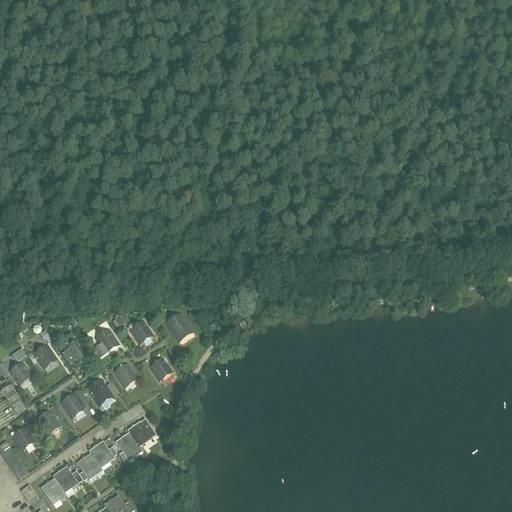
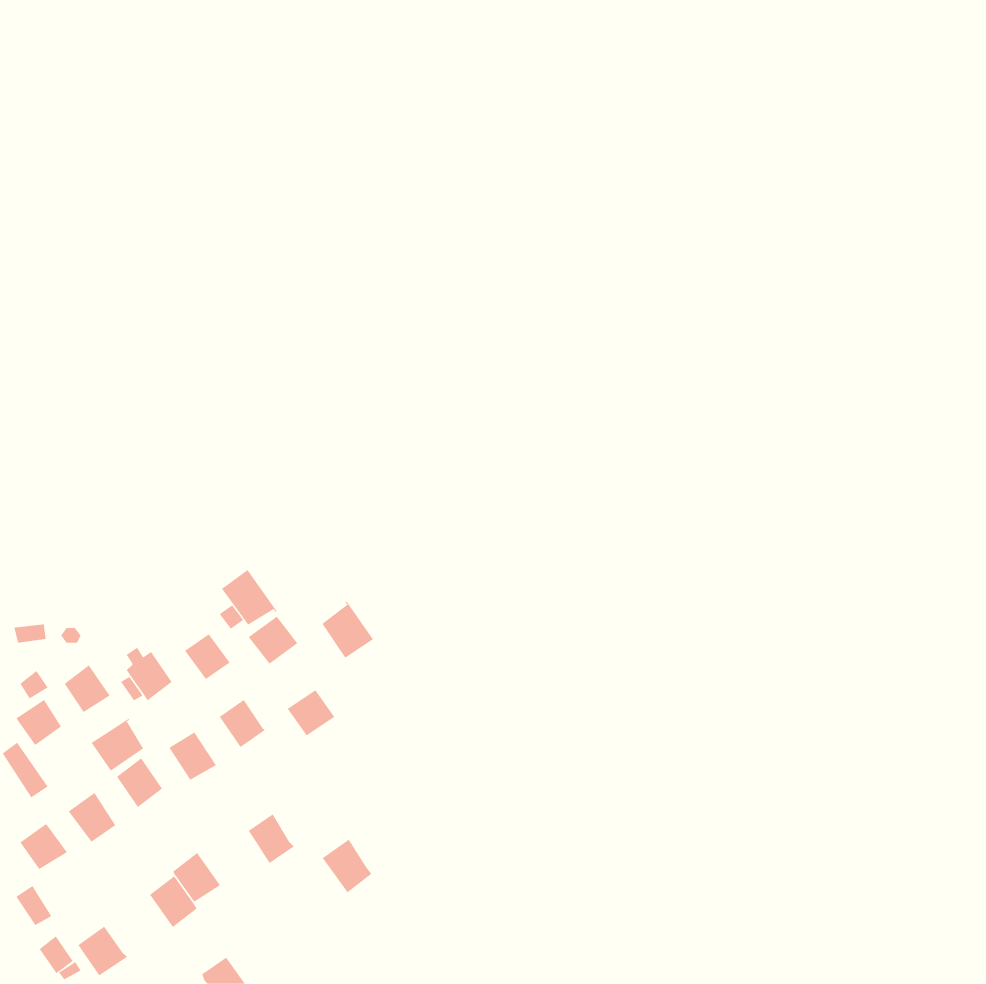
building: none -> [221,569,277,626]
building: none -> [91,718,144,772]
building: [116,432,142,460] -> [322,839,372,893]
building: [52,465,78,492] -> none

